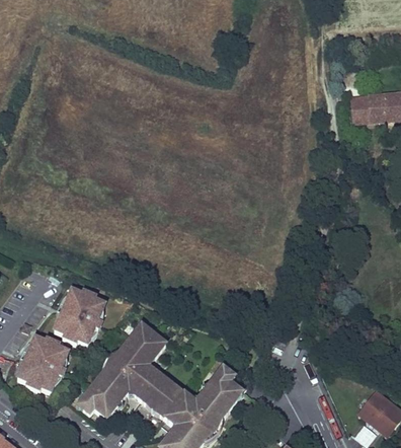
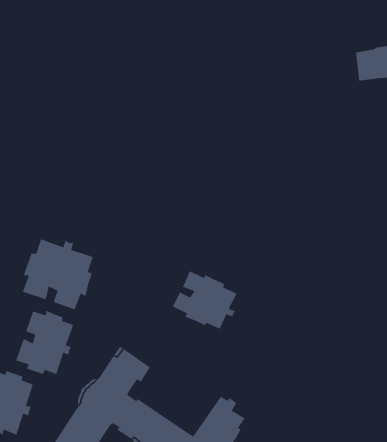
building: none -> [22,238,94,311]
building: none -> [172,270,238,330]

